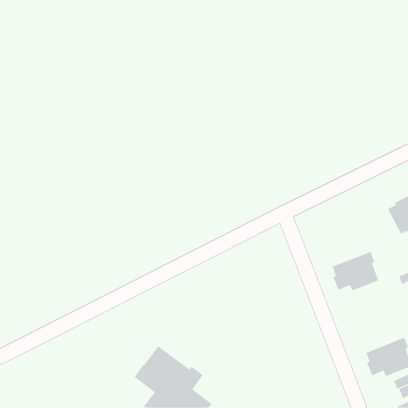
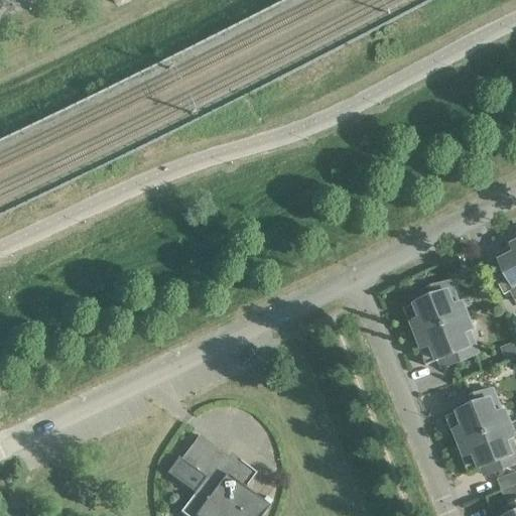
building: none -> [405,282,469,336]
building: none -> [447,390,511,444]

